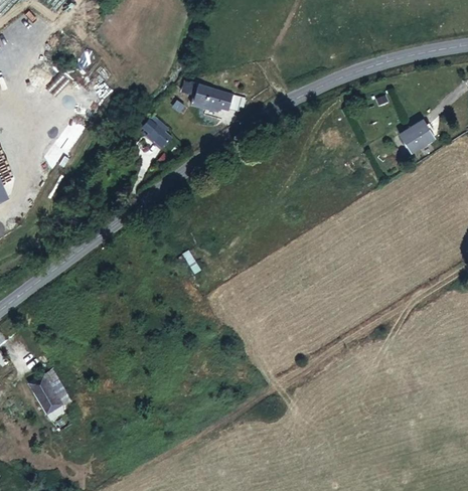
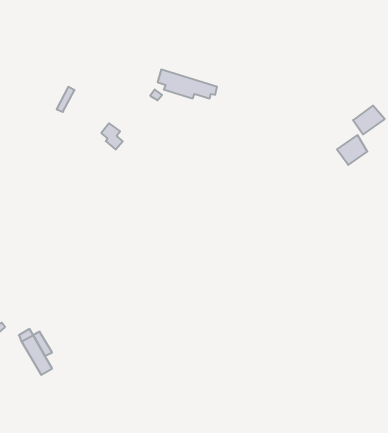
building: [145,118,169,147] -> [101,123,123,149]
building: none -> [337,135,367,165]

